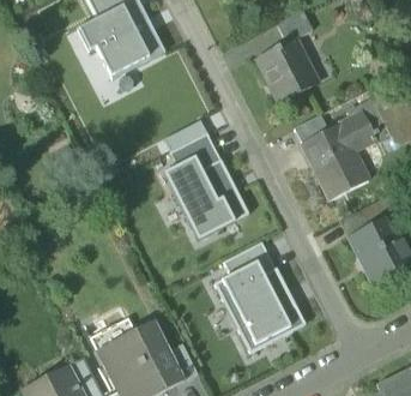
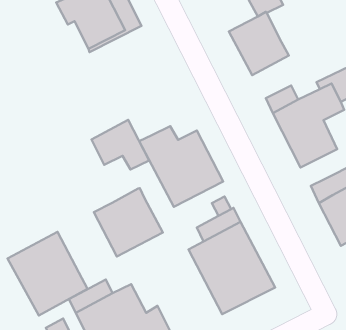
building: [162,119,222,170] -> [91,120,149,170]
building: none -> [94,188,163,257]
building: none -> [7,232,87,315]

